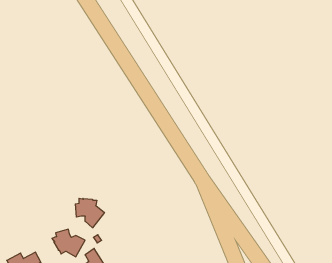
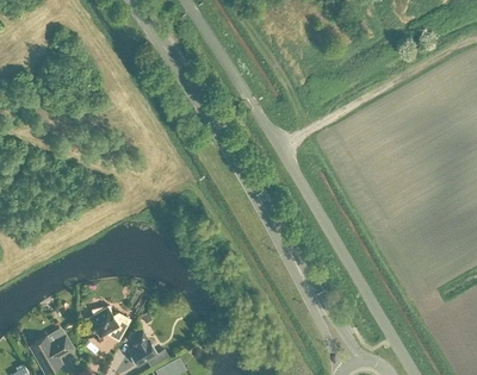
building: [75,198,104,228] -> none

